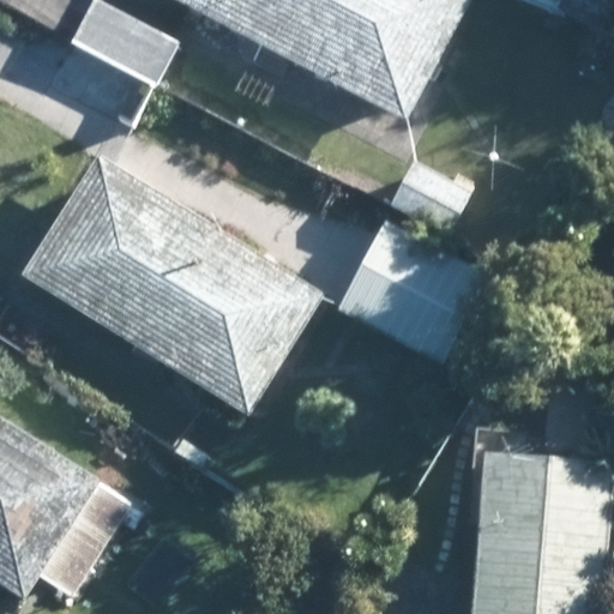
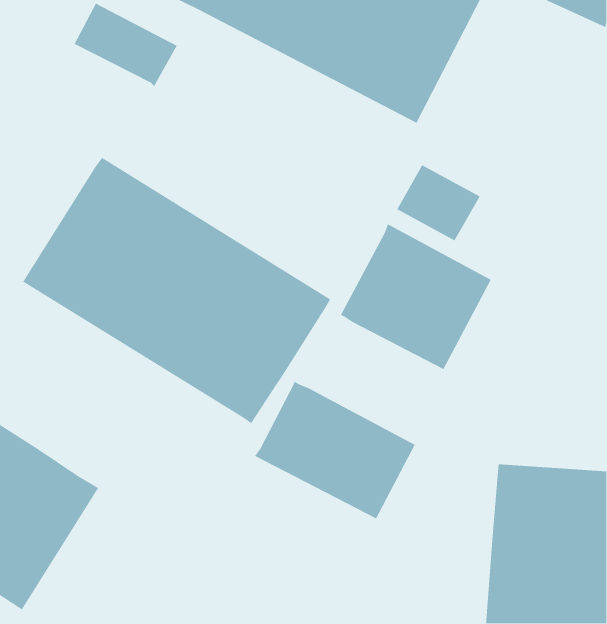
building: none -> [254,381,416,519]

